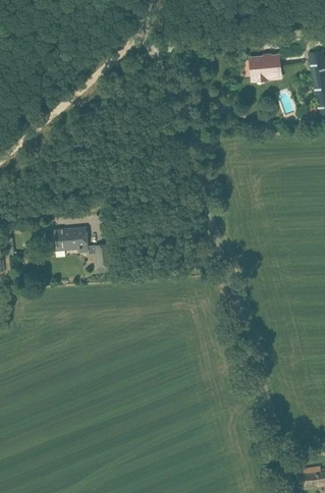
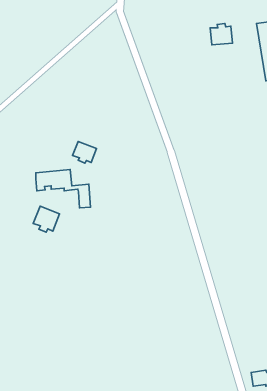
building: none -> [73,142,97,163]
building: none -> [33,206,60,232]

